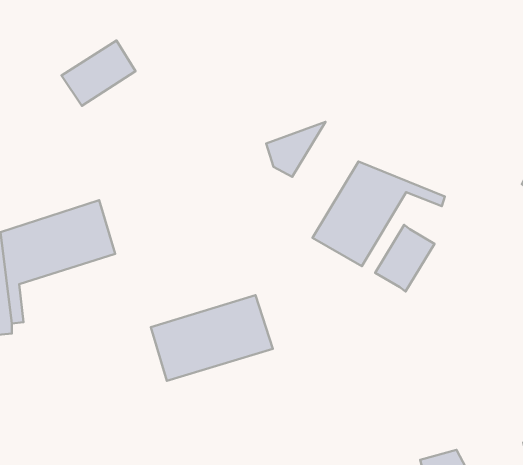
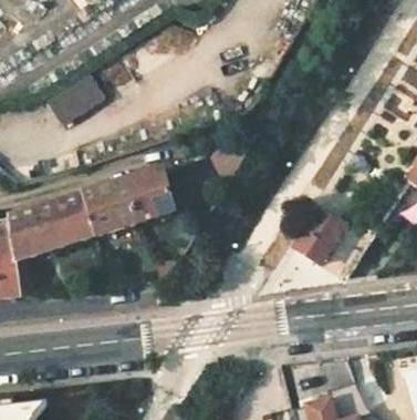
building: [312,162,445,266] -> none
building: [151,295,273,381] -> [82,170,175,235]

